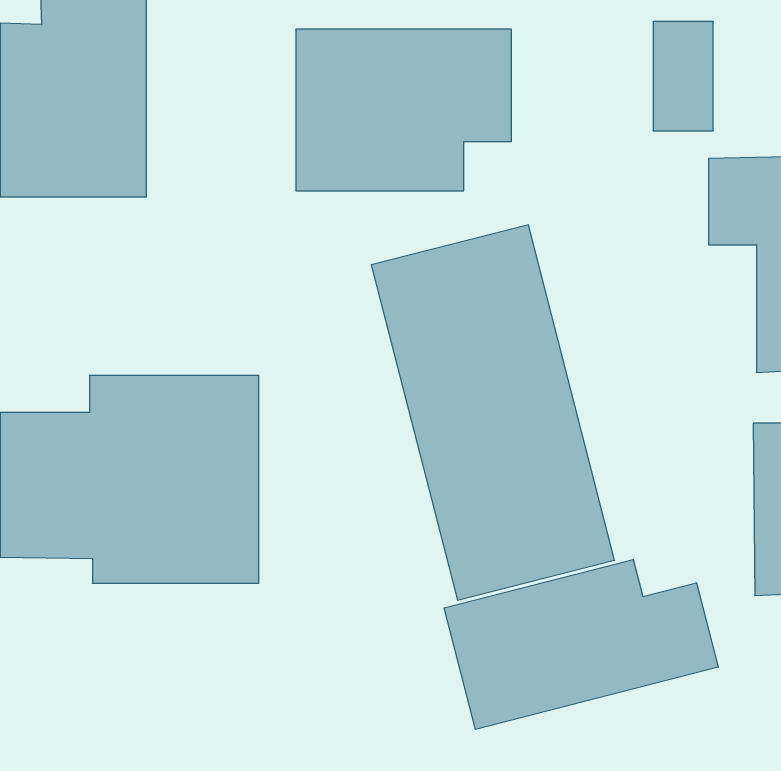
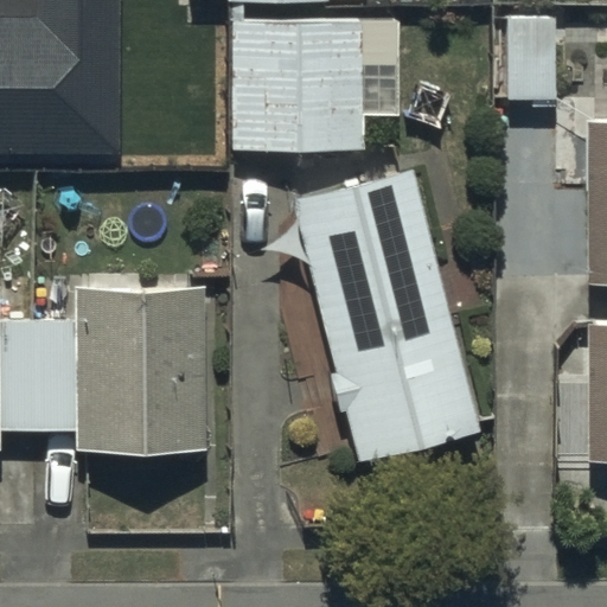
building: [444,559,718,729] -> none

